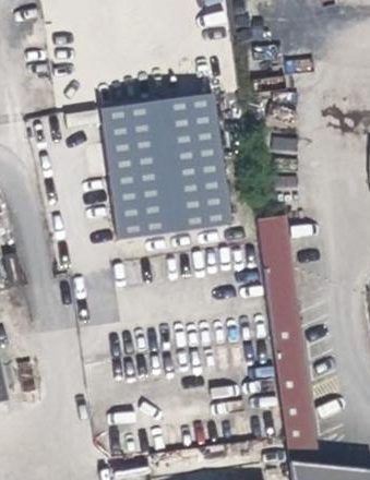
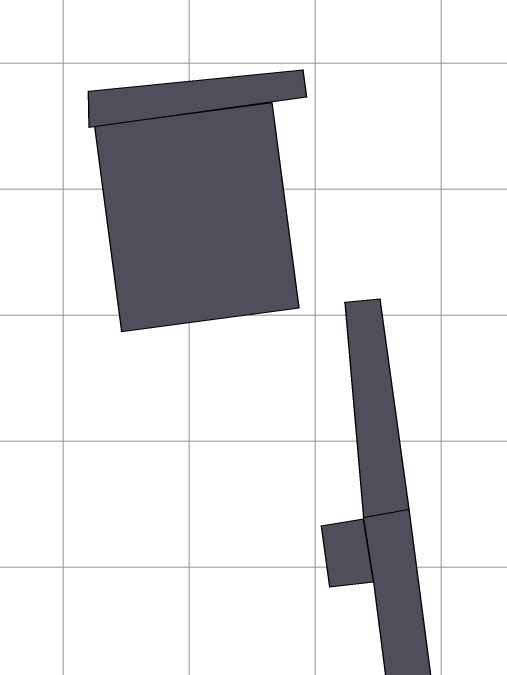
building: none -> [88,70,307,127]

